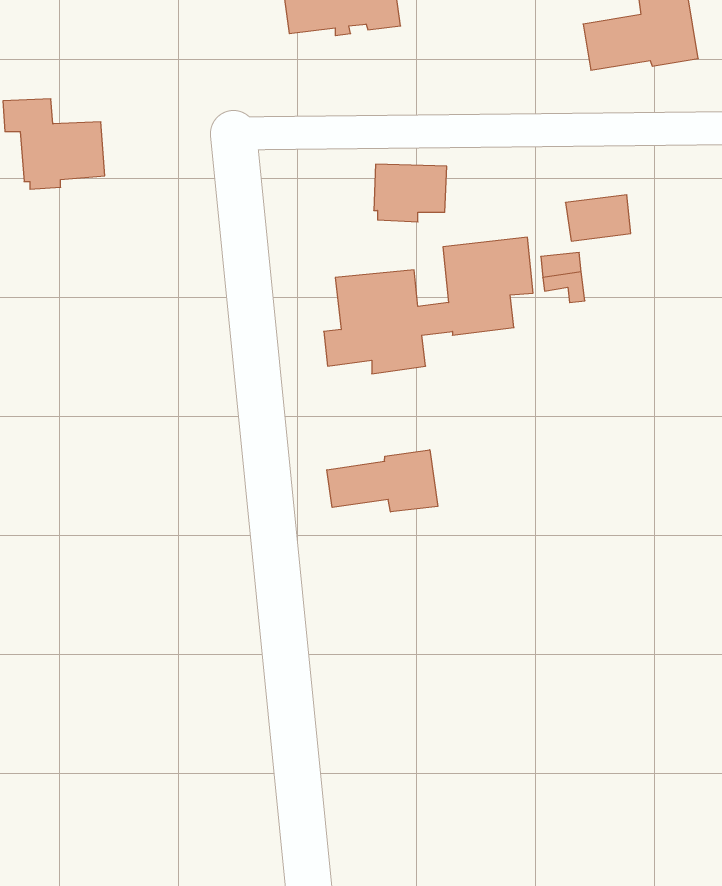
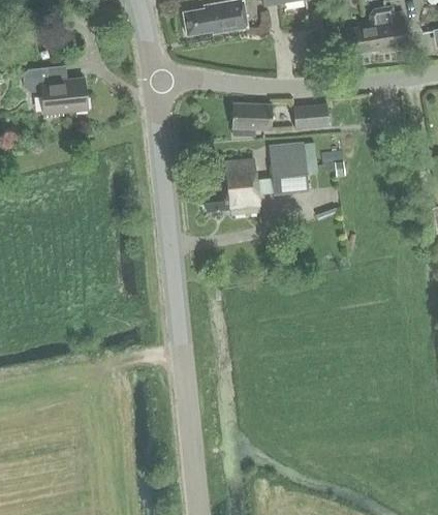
building: [565,195,631,241] -> [293,103,328,128]
building: [327,450,438,512] -> none

